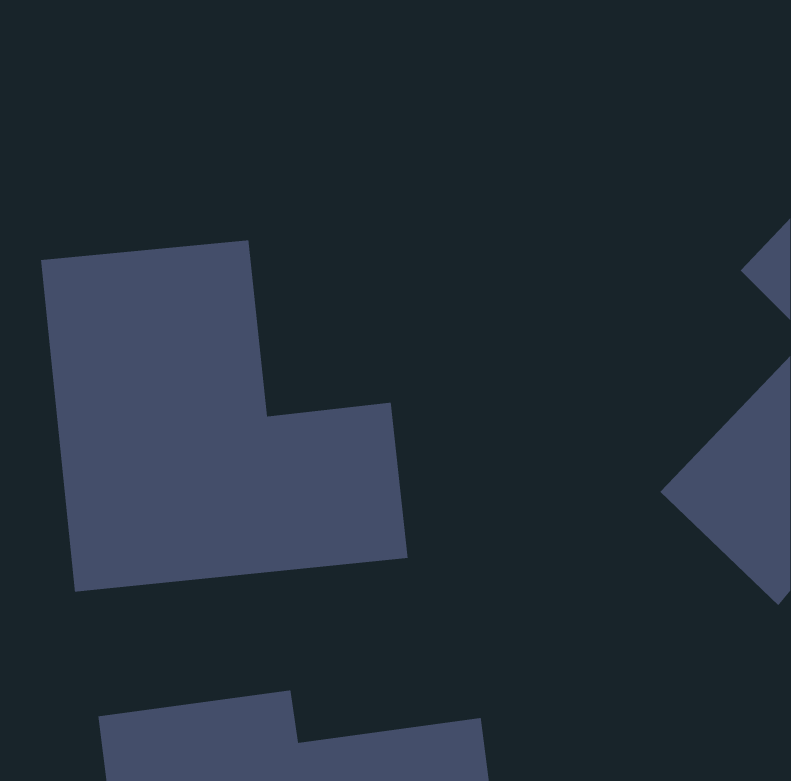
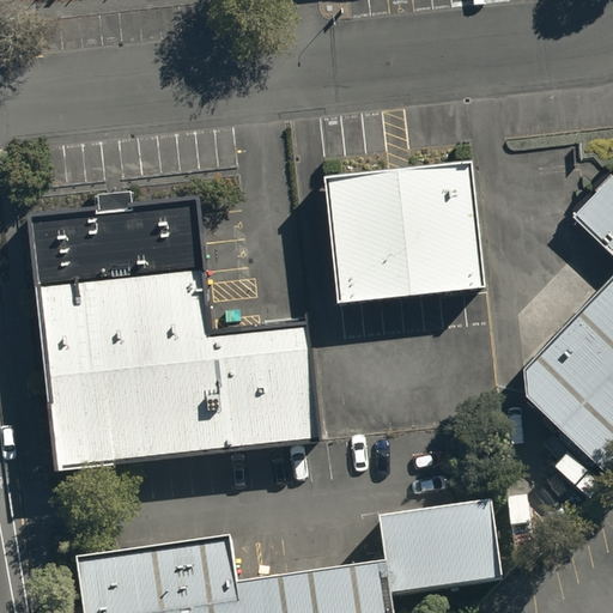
building: none -> [324,163,481,299]
building: none -> [380,510,496,596]

